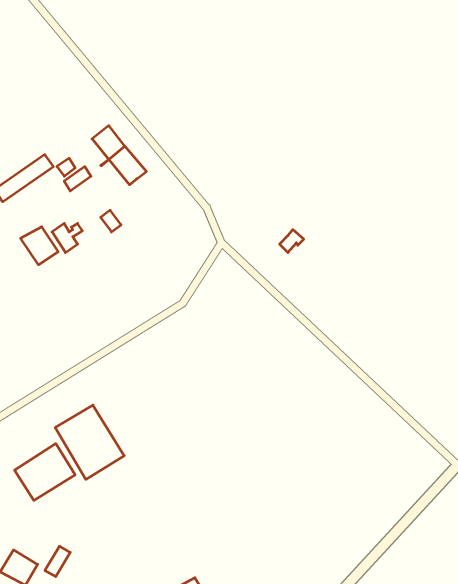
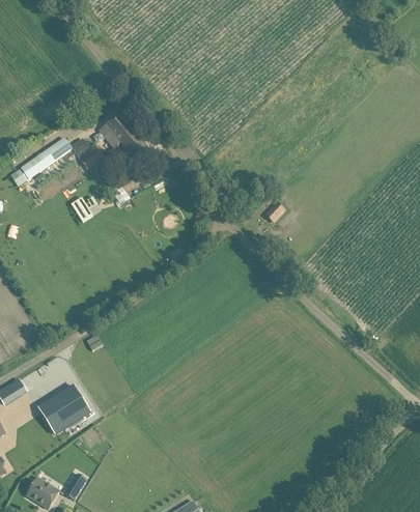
building: [21,227,58,265] -> none
building: [55,405,124,479] -> none

